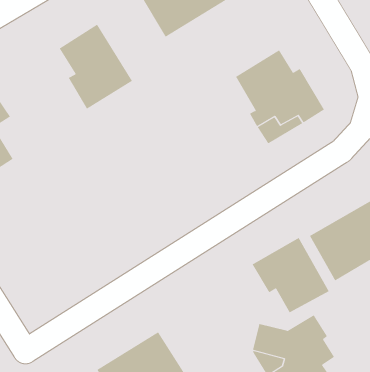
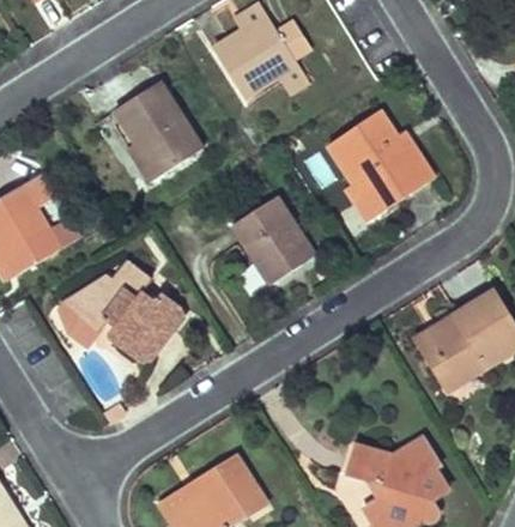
building: none -> [225,194,308,283]
building: none -> [69,261,186,363]
building: [252,237,329,313] -> none

